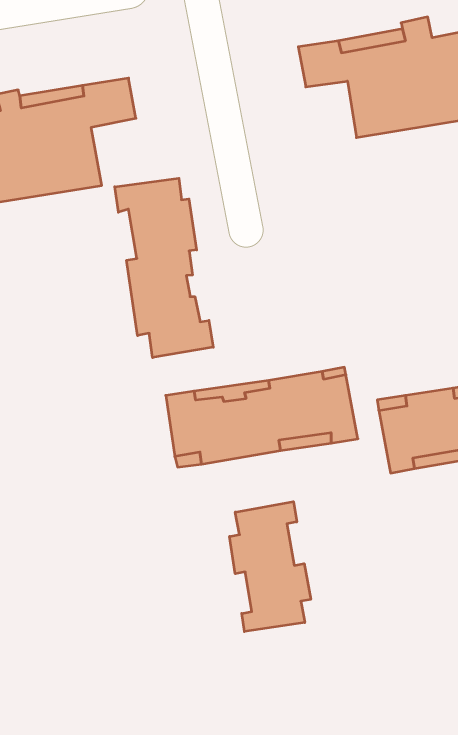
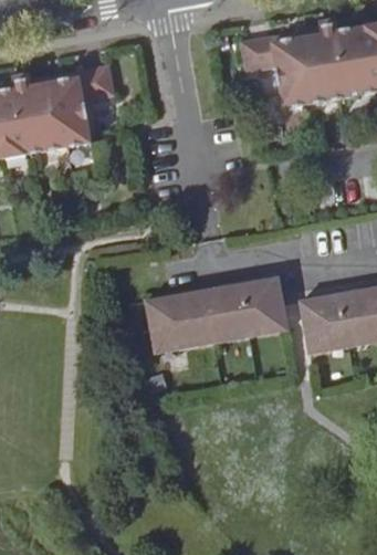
building: [115,178,213,358] -> none
building: [230,502,311,632] -> none

